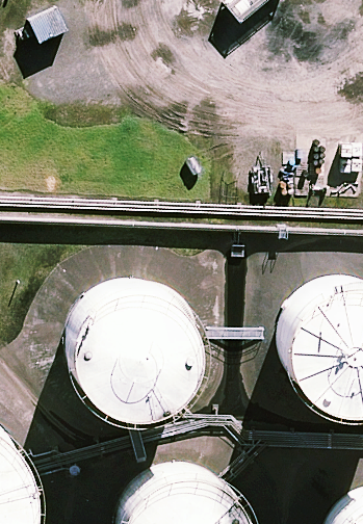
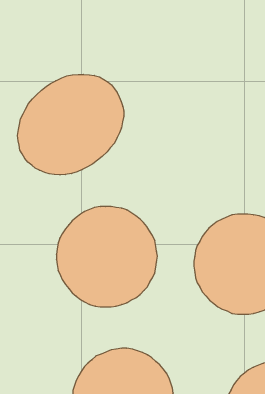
building: none -> [17,74,124,175]

